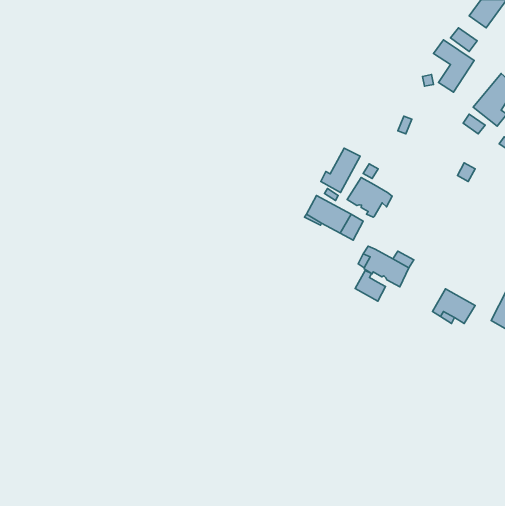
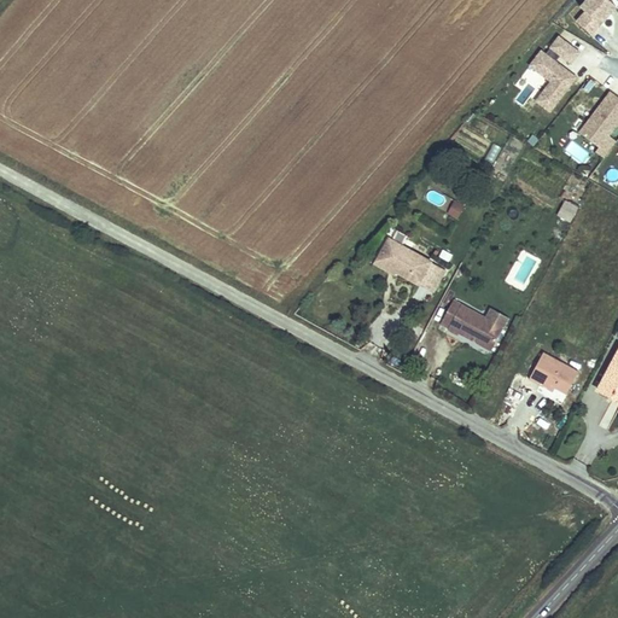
building: [321,148,360,192] -> none
building: [347,177,392,217] -> none
building: [355,270,385,301] -> none

